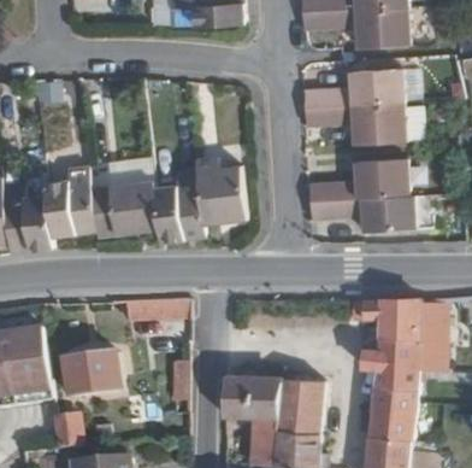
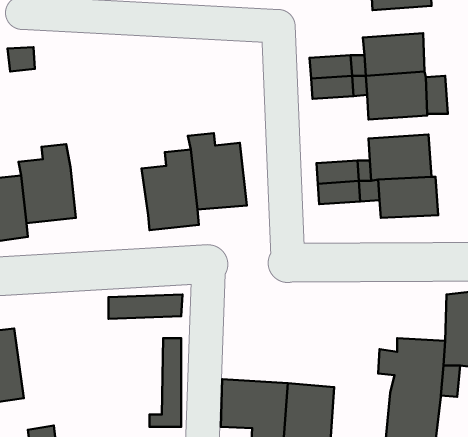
building: [90,180,159,235] -> none
building: [361,298,421,339] -> none
building: [63,351,123,396] -> none

